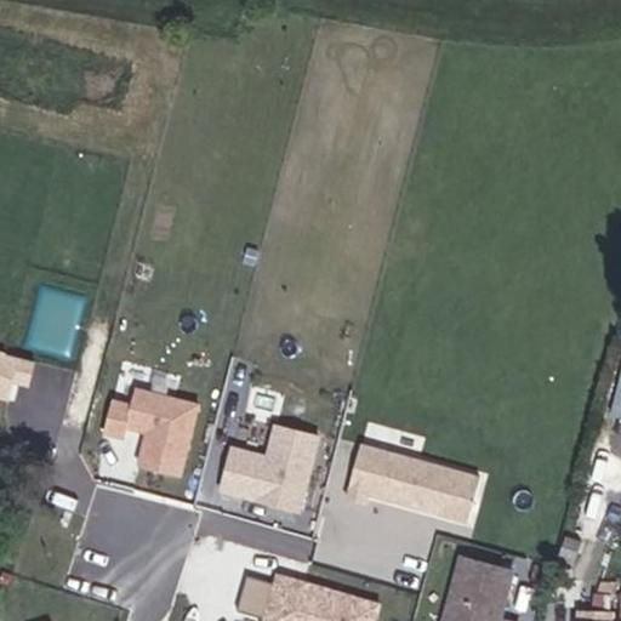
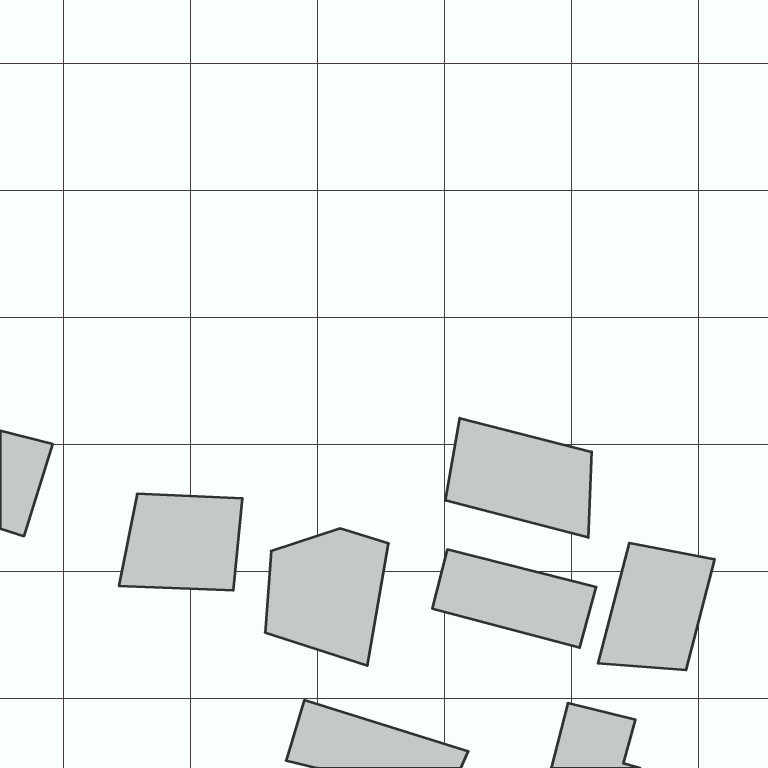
building: none -> [445,418,592,538]
building: none -> [598,543,714,670]

